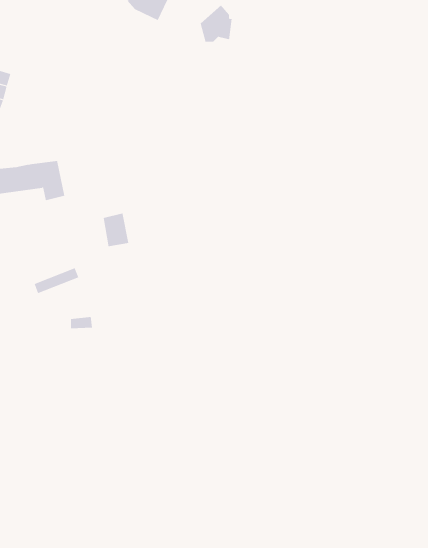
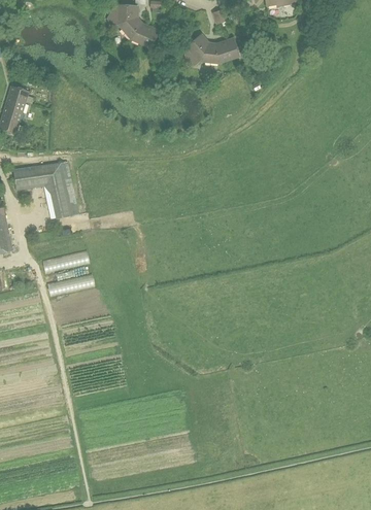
building: none -> [207,37,238,63]
building: [103,213,129,247] -> [56,190,77,217]

